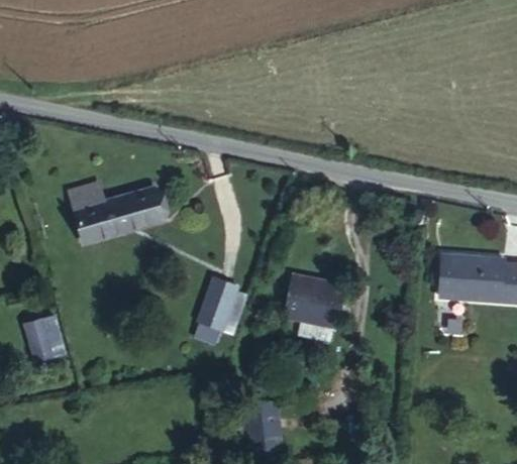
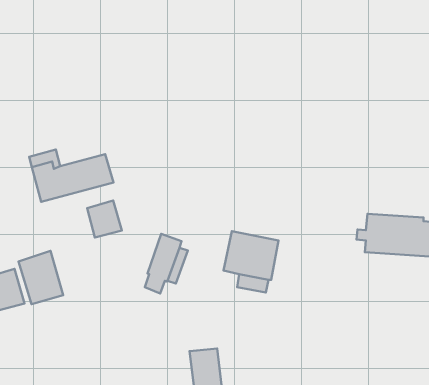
building: none -> [87,201,122,238]
building: none -> [18,251,63,304]

